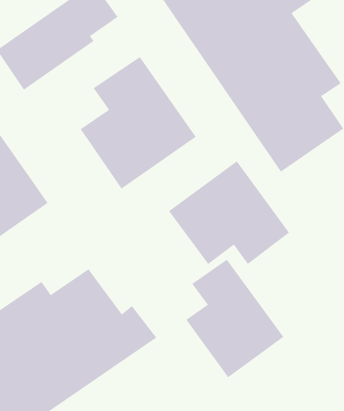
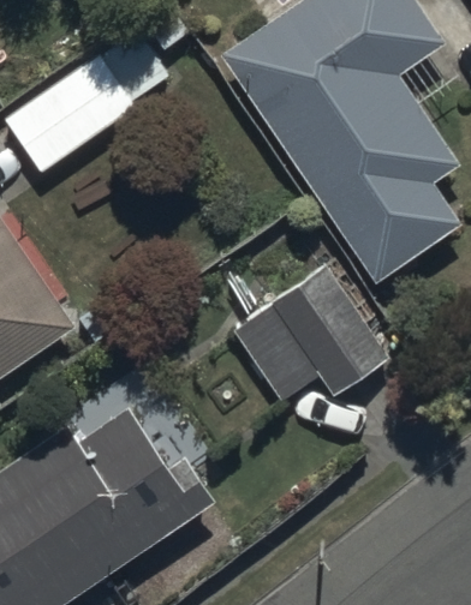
building: [80,56,196,189] -> none
building: [186,259,284,378] -> none

